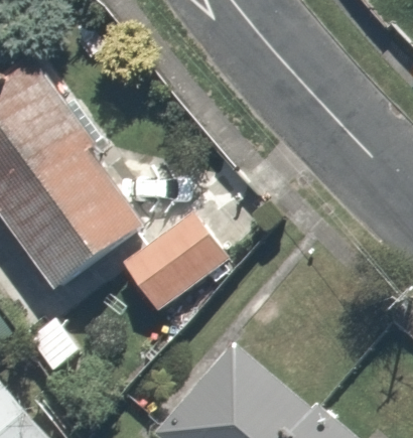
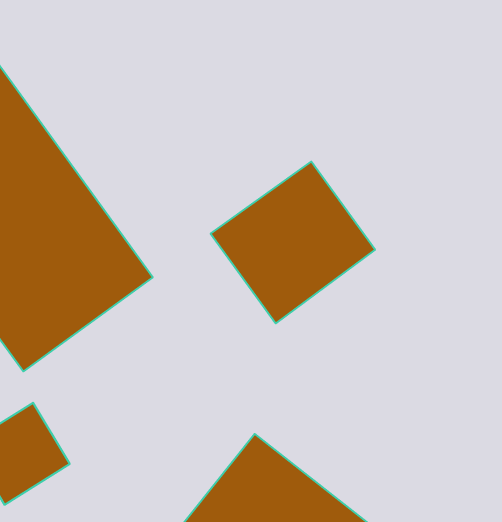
building: [119,206,241,326] -> [211,162,375,323]

